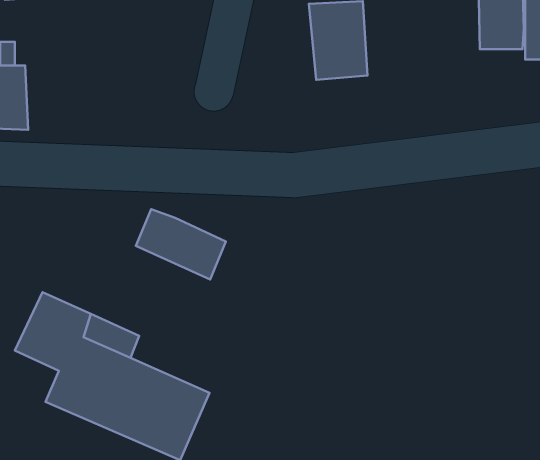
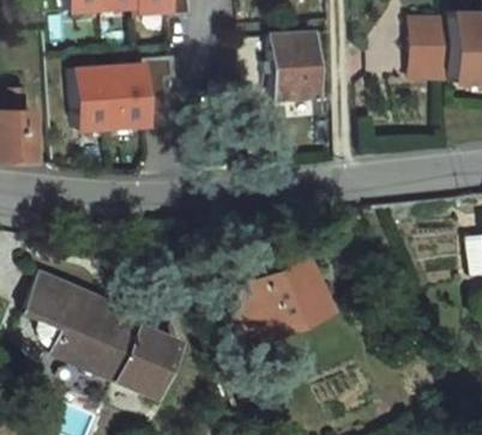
building: none -> [71,59,175,131]
building: [136,209,226,279] -> none
building: none -> [257,273,339,339]

